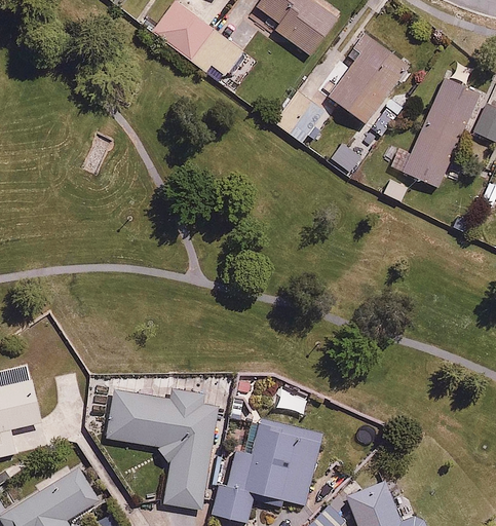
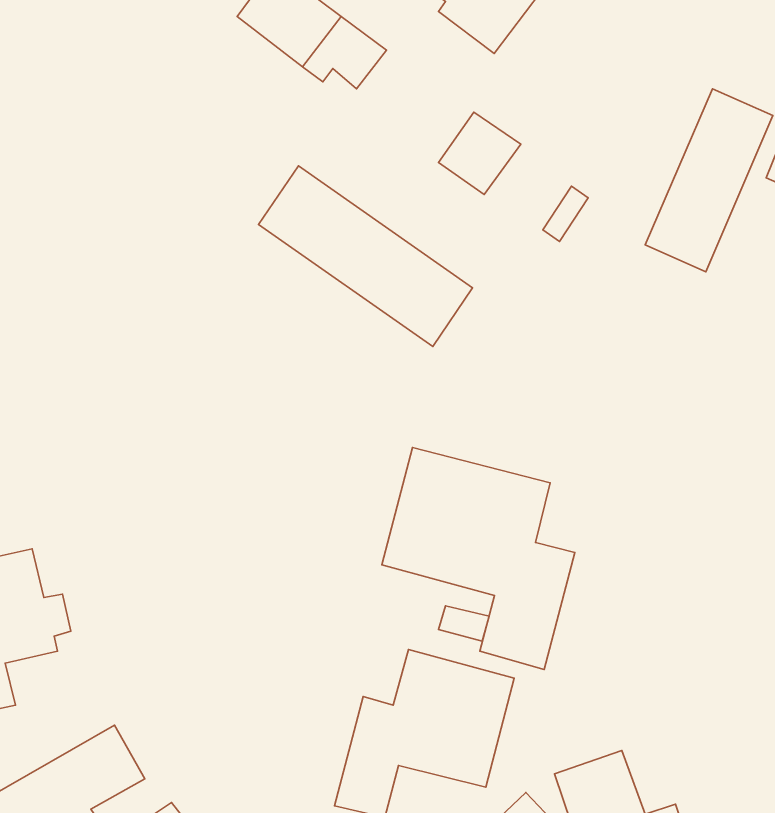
building: [326,33,410,123] -> none
building: none -> [259,166,473,347]
building: none -> [382,448,575,670]
building: [109,390,219,511] -> none

